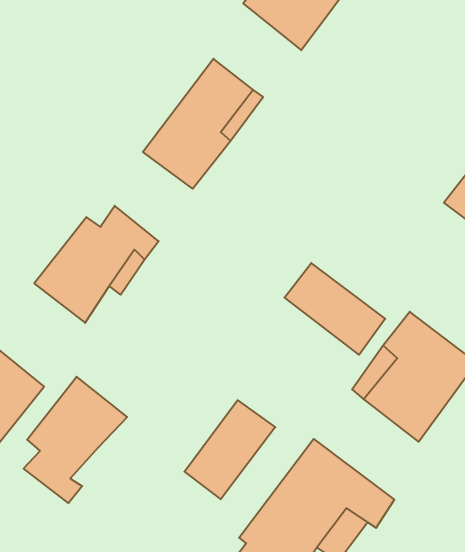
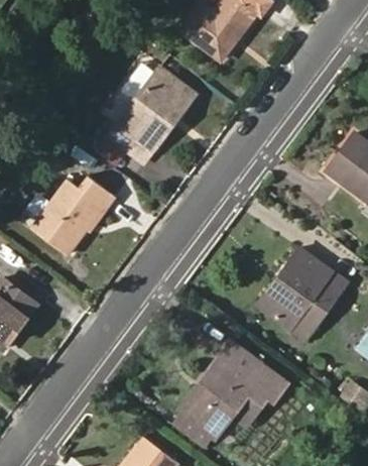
building: [284,263,385,355] -> none
building: [24,377,127,503] -> none
building: [184,400,275,499] -> none

